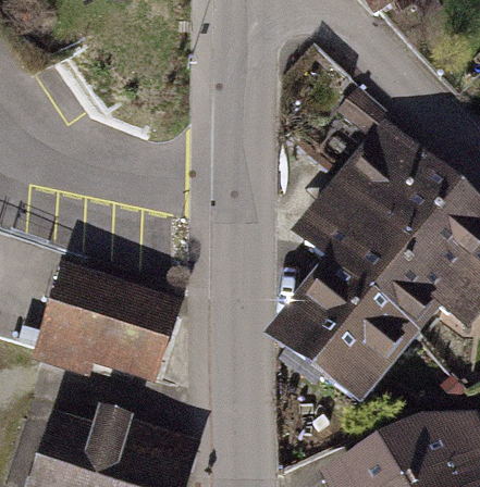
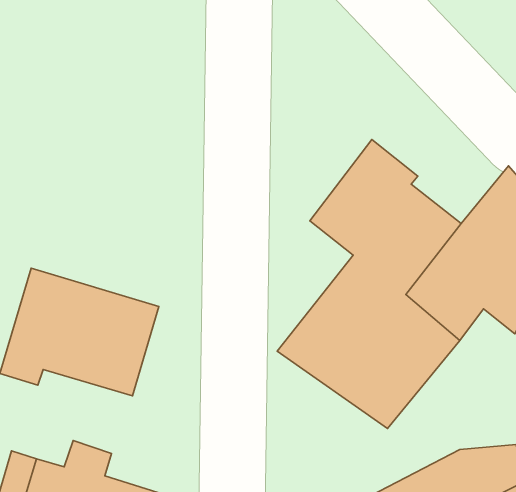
building: [337,89,463,233] -> none

